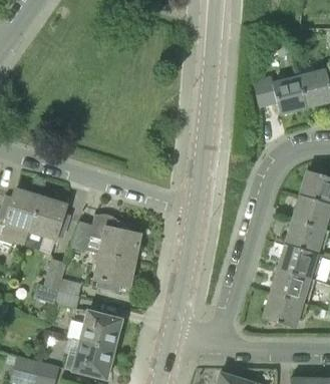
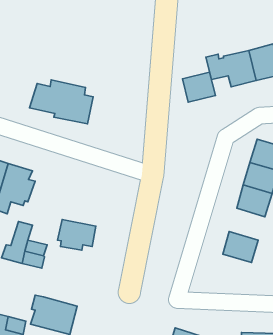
building: none -> [182,72,215,102]
building: [72,216,140,263] -> [30,80,93,124]
building: [278,244,316,278] -> none
building: [264,293,302,327] -> none
building: [78,309,122,349] -> none

